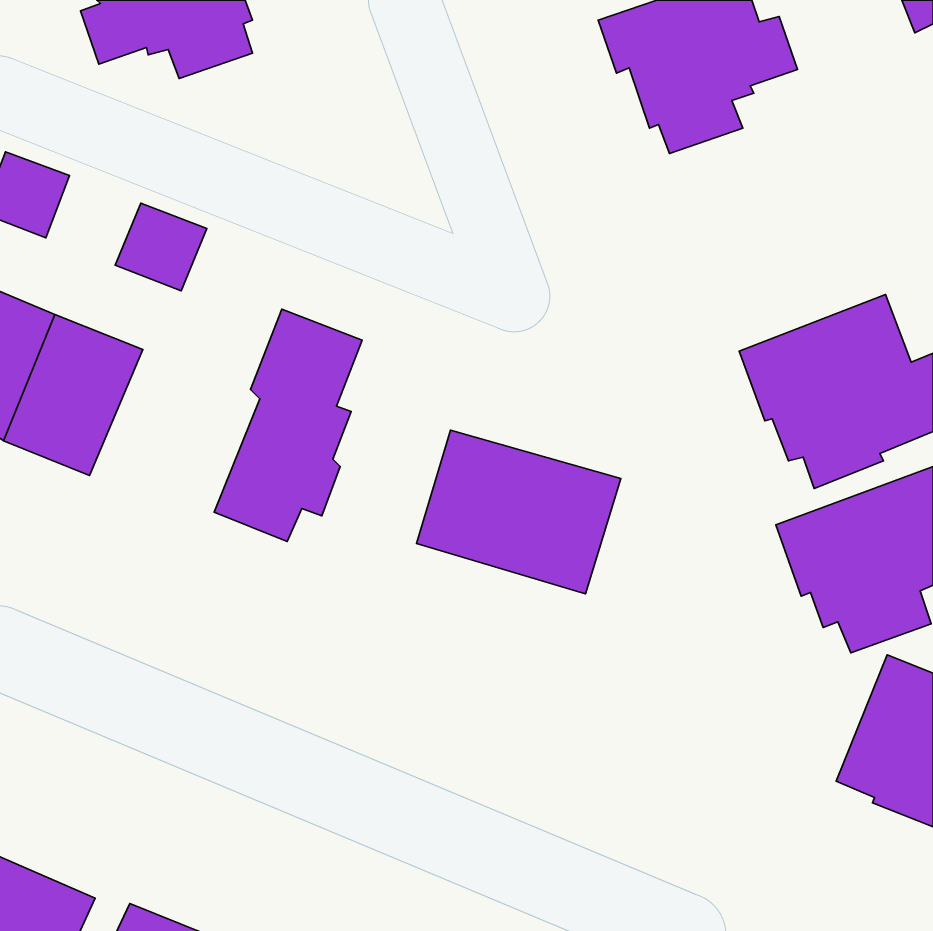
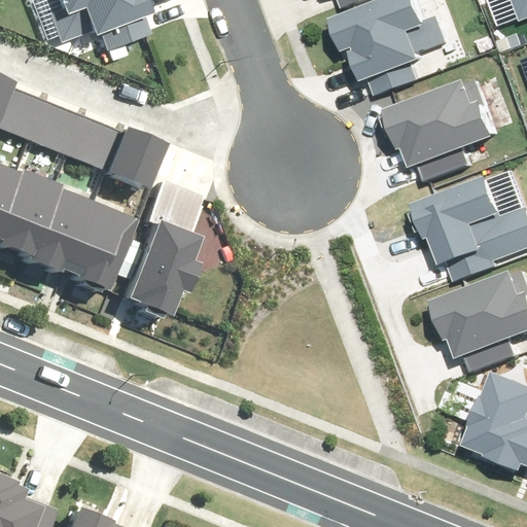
building: none -> [392,76,504,179]
building: none -> [26,101,79,151]
building: none -> [100,127,160,189]
building: none -> [50,199,129,289]
building: [417,430,621,594] -> none

